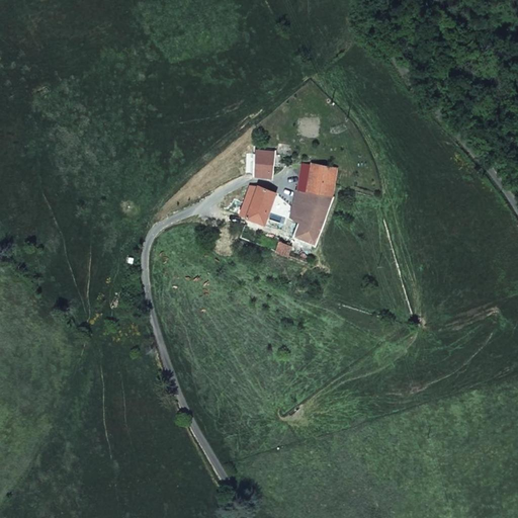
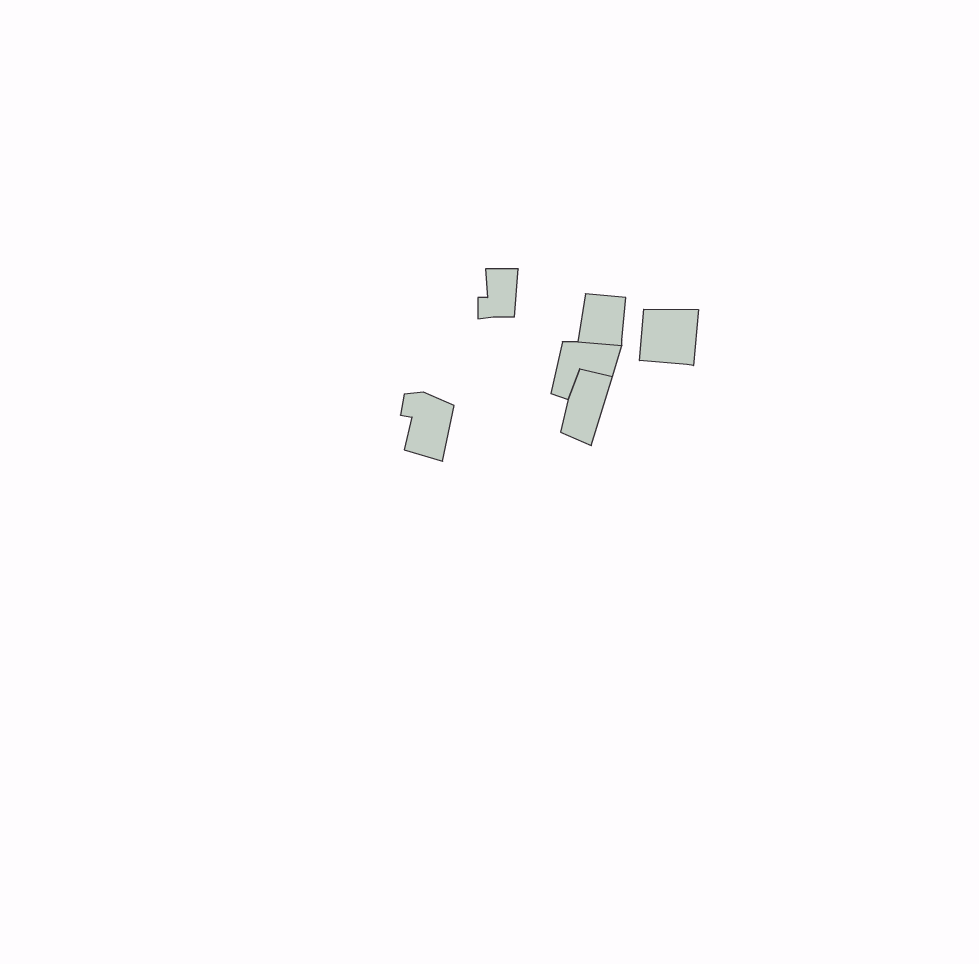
building: none -> [640,309,698,366]
building: [246,188,274,225] -> [400,392,454,461]

